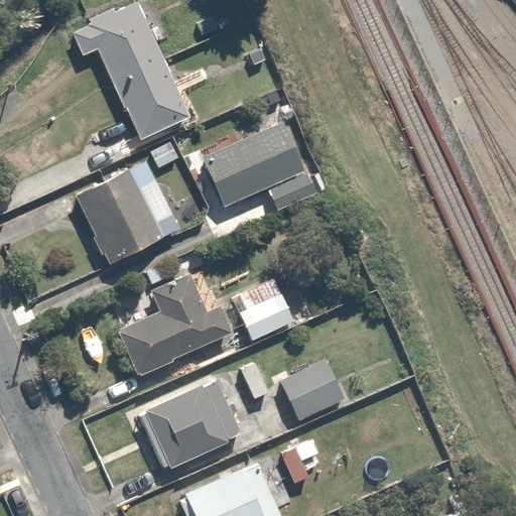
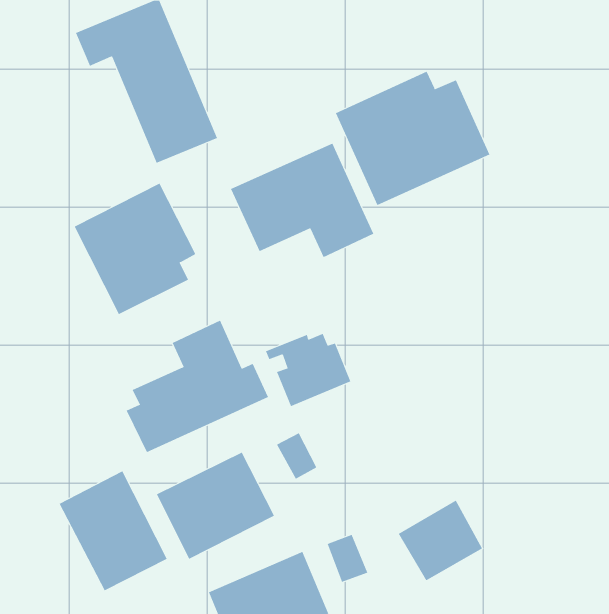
building: none -> [335,71,490,206]
building: [277,356,348,423] -> [398,500,483,581]
building: none -> [59,470,168,591]

